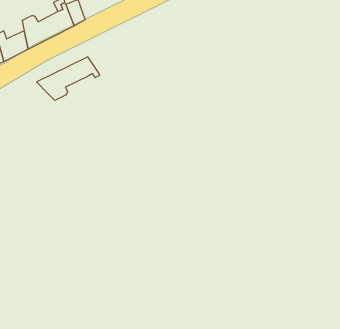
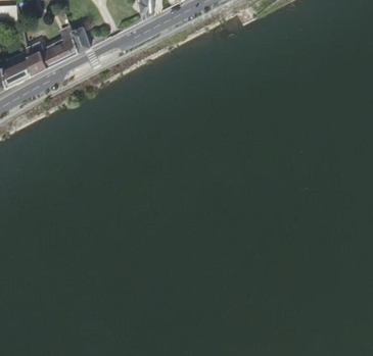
building: [37,57,100,100] -> none

